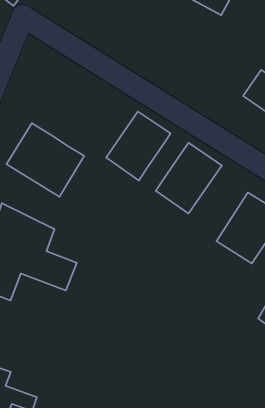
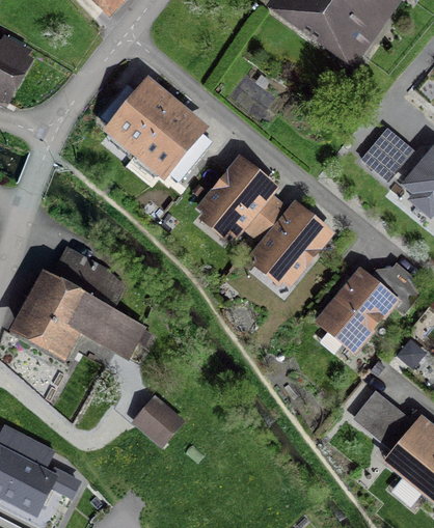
building: [6,123,84,197] -> [111,80,204,170]
building: none -> [243,195,288,242]
building: none -> [135,398,184,447]

